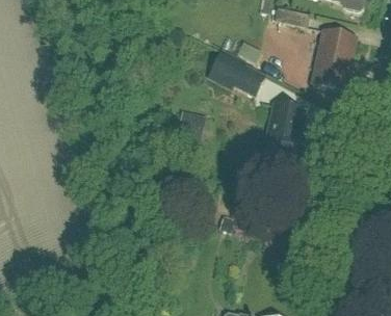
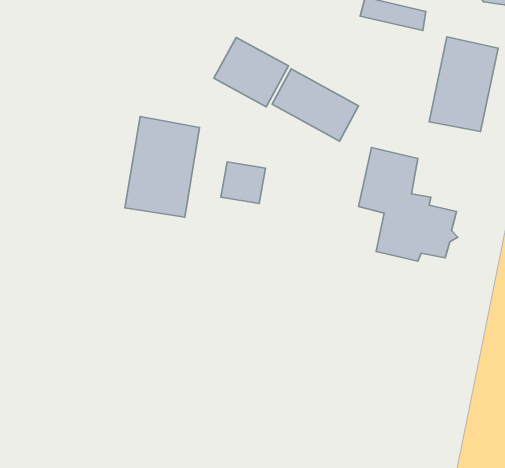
building: none -> [214,37,288,107]
building: none -> [125,116,199,217]

